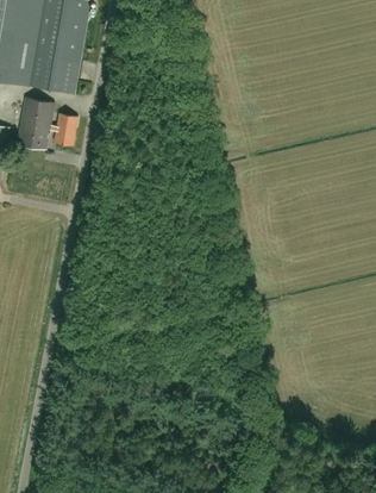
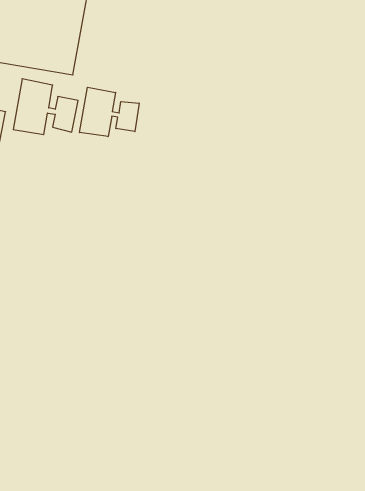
building: none -> [80,87,139,137]

